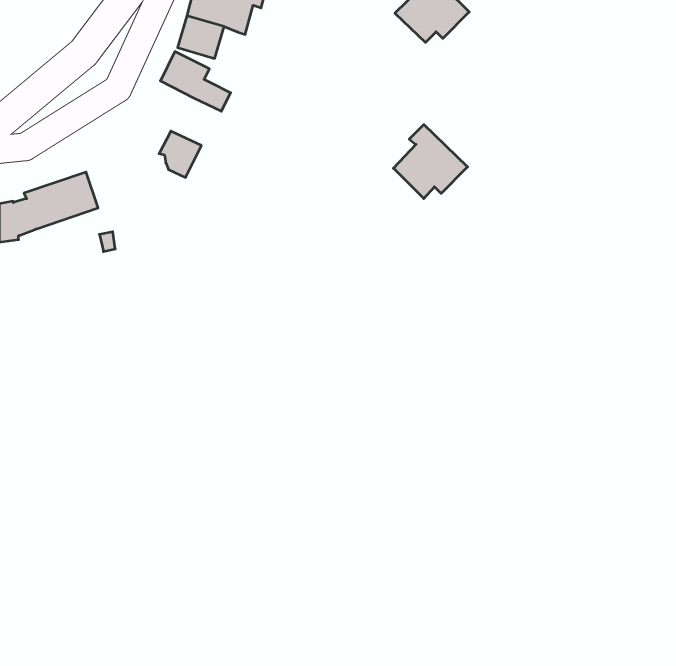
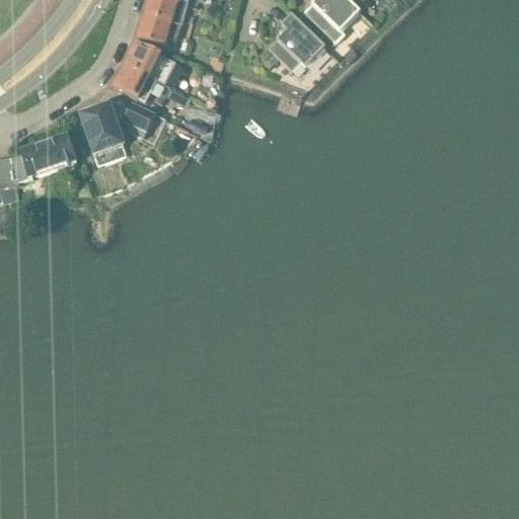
building: none -> [112,62,169,104]
building: [393,125,468,199] -> [268,12,324,69]
building: none -> [79,102,123,153]

